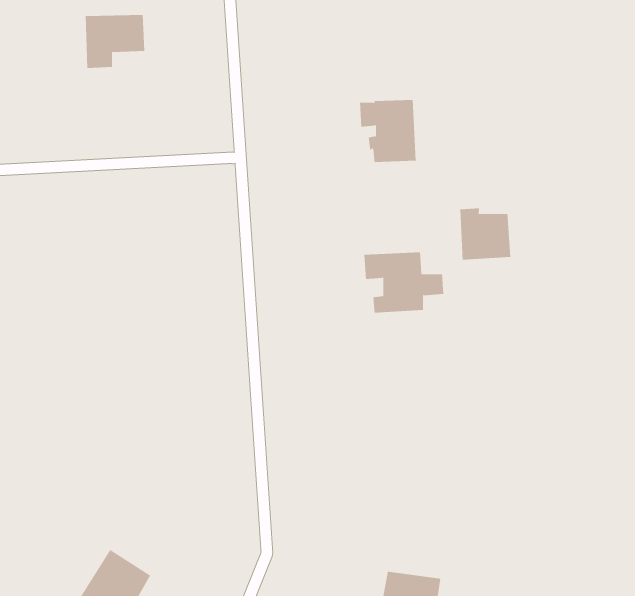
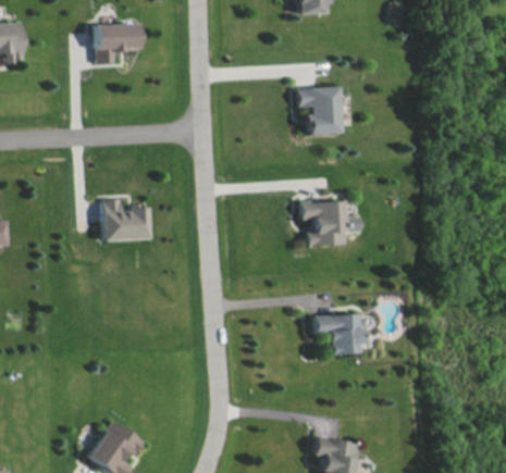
building: [460,207,511,260] -> none
building: none -> [103,199,149,240]
building: none -> [314,314,366,354]

